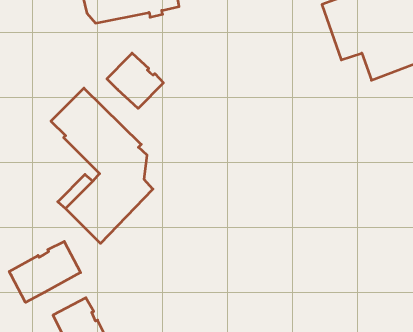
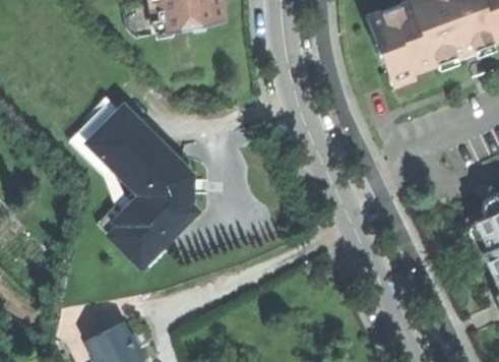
building: [107,53,163,108] -> none
building: [9,241,81,302] -> none

